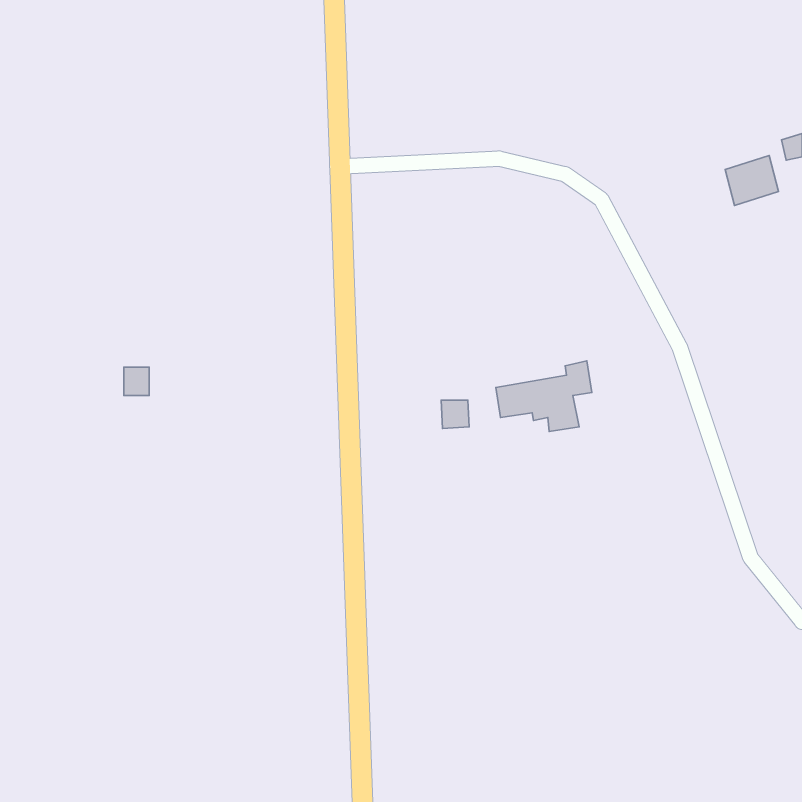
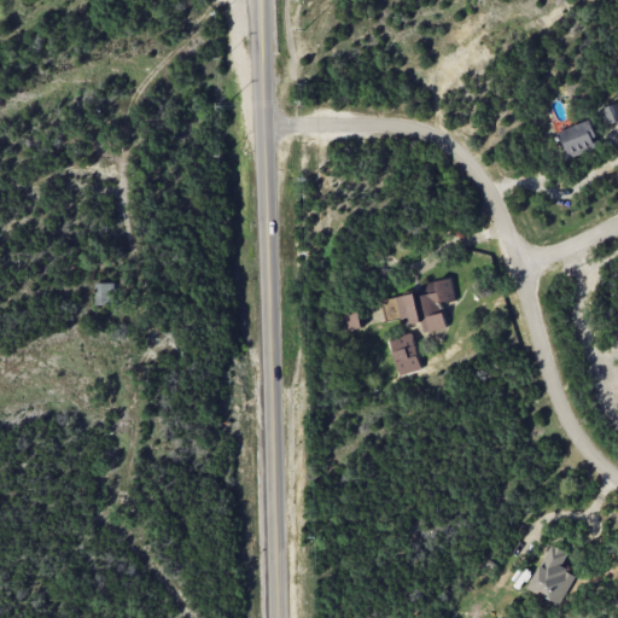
building: none -> [390,333,420,375]
building: none -> [527,544,576,605]

